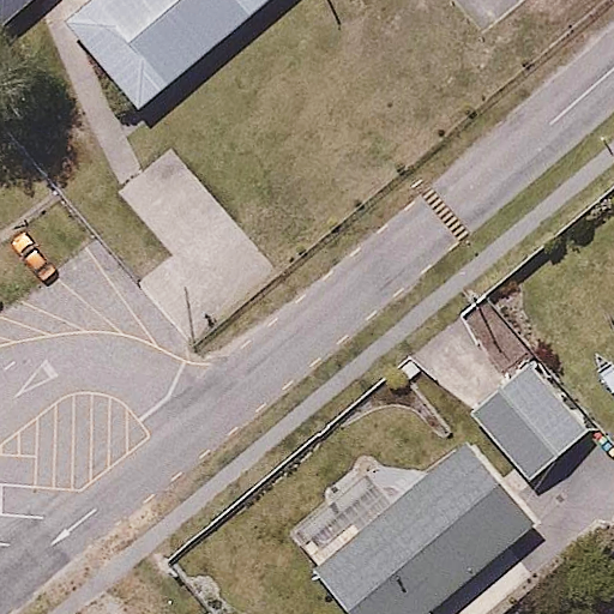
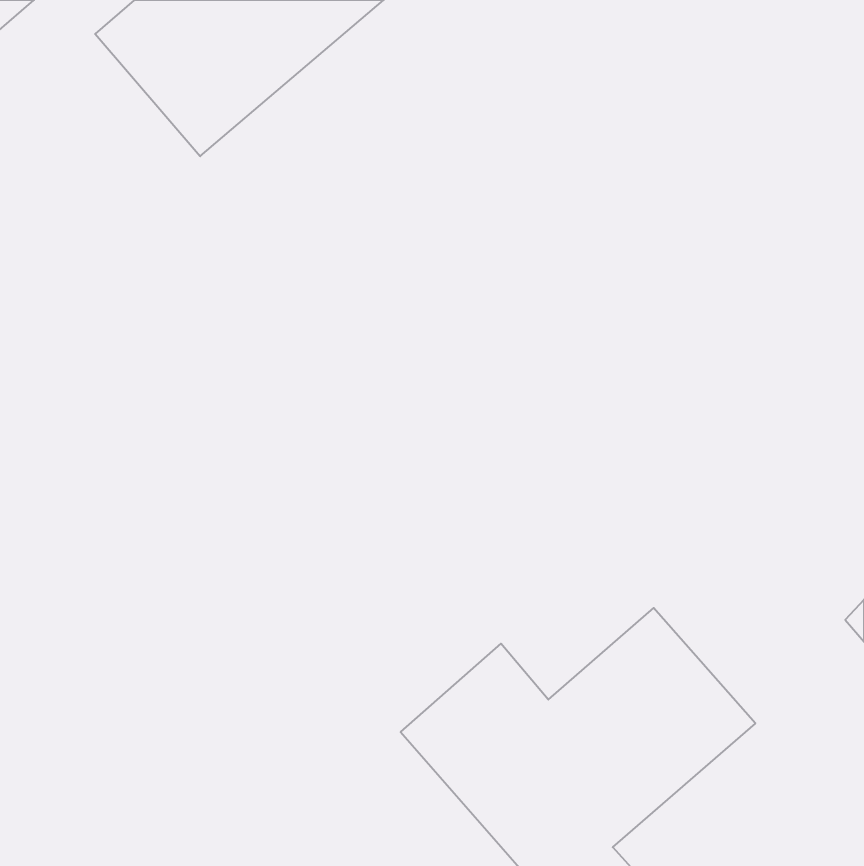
building: [470,366,585,481] -> none

